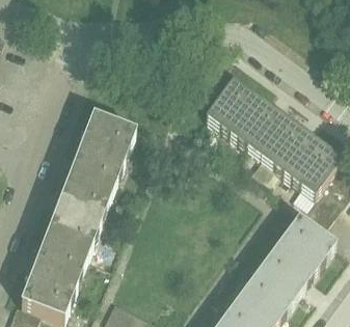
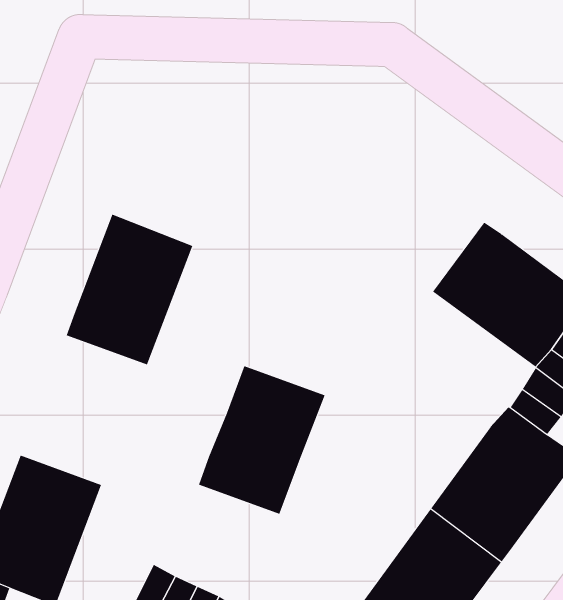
building: [206,77,287,154] -> none
building: [45,176,111,254] -> [198,365,326,515]

